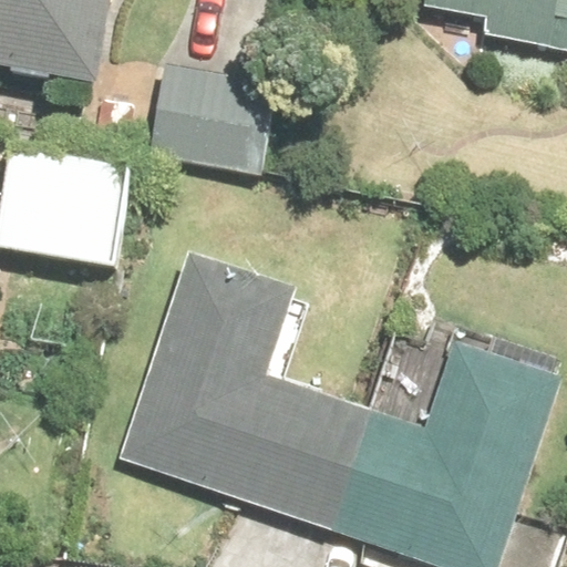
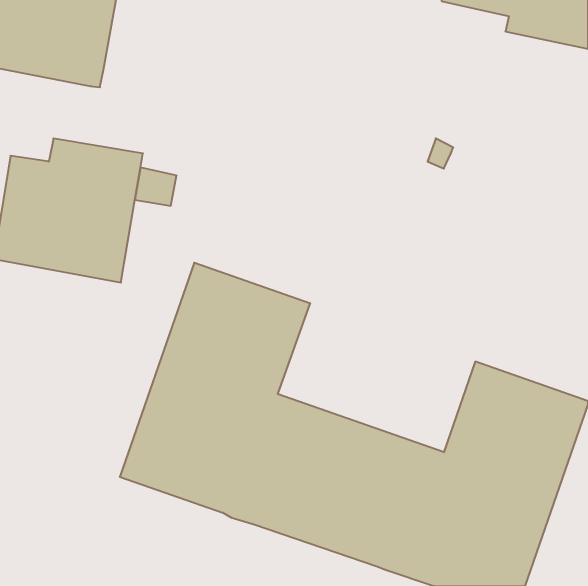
building: [147,63,275,172] -> none

